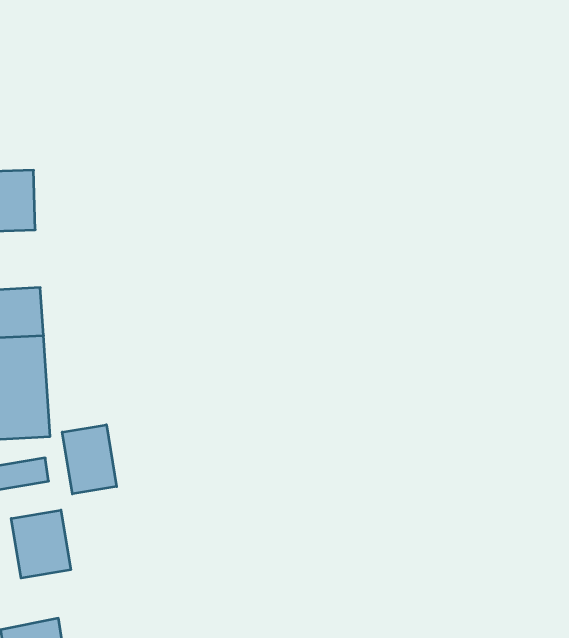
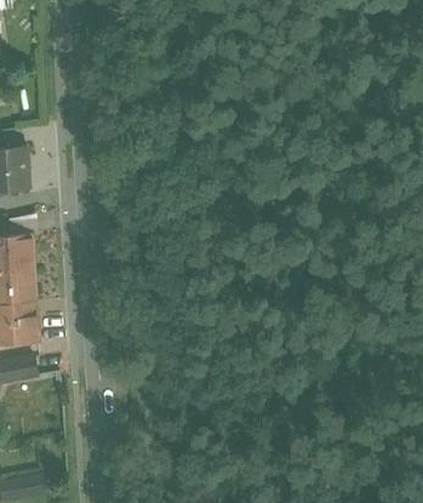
building: [62,425,117,494] -> none
building: [11,510,71,578] -> none

